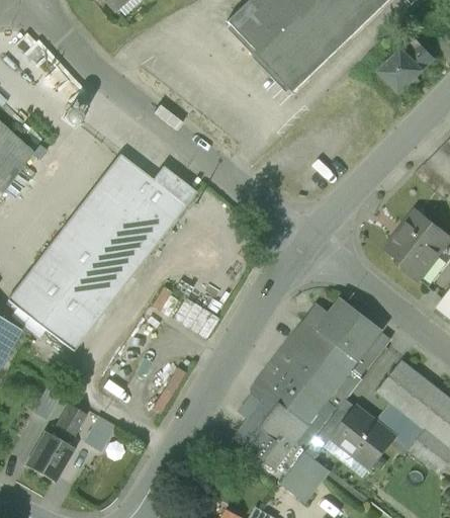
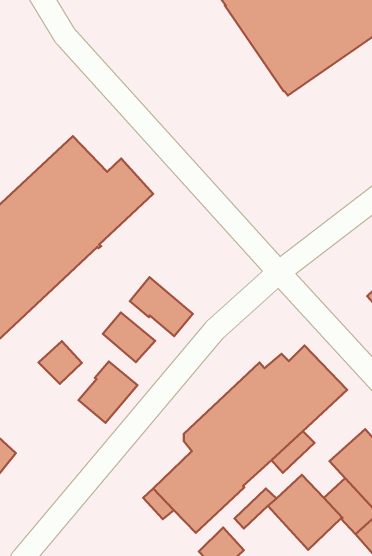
building: none -> [130,277,193,336]
building: none -> [39,341,82,384]
building: none -> [78,361,137,423]

